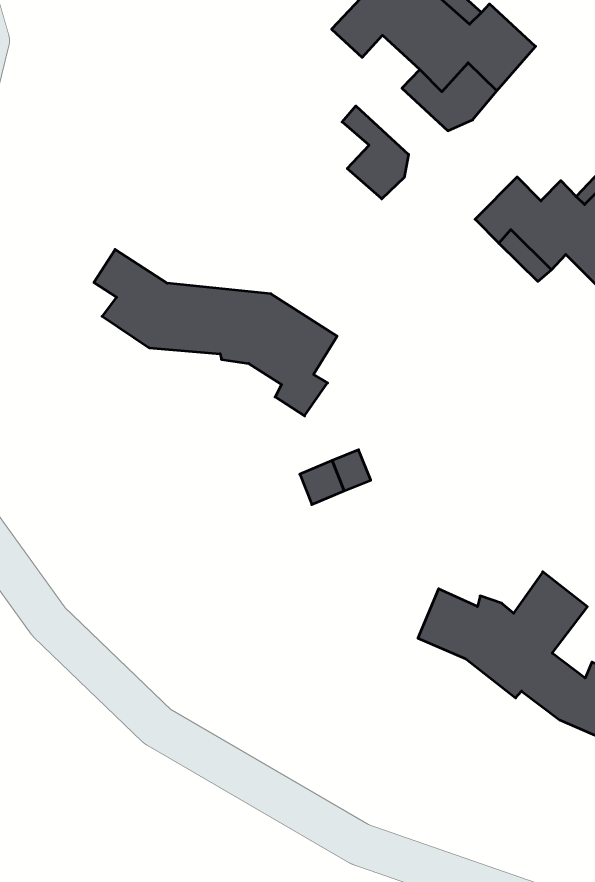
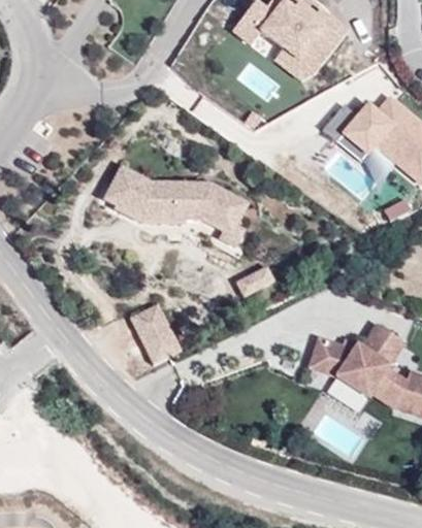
building: [342,106,409,199] -> none
building: none -> [101,183,186,224]
building: none -> [129,302,183,364]

